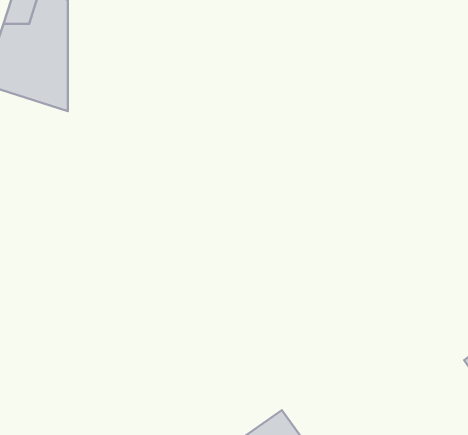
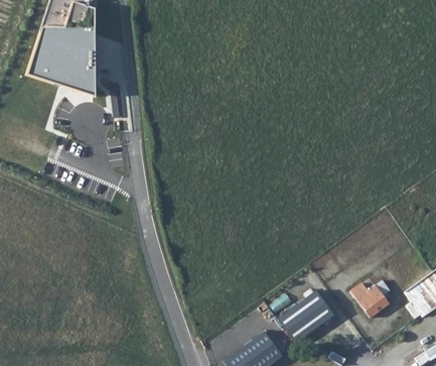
building: none -> [351,282,390,318]
building: none -> [279,290,333,342]

